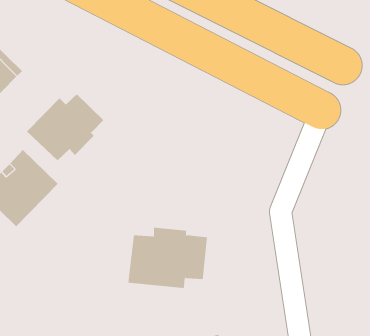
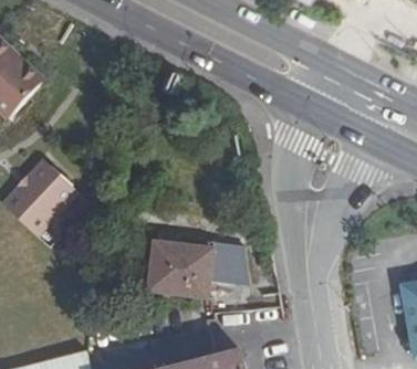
building: [26,94,104,161] -> none

